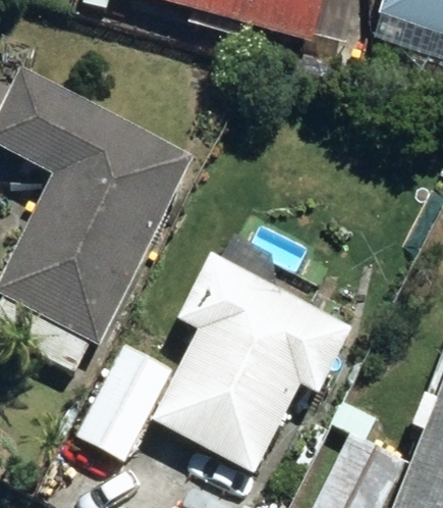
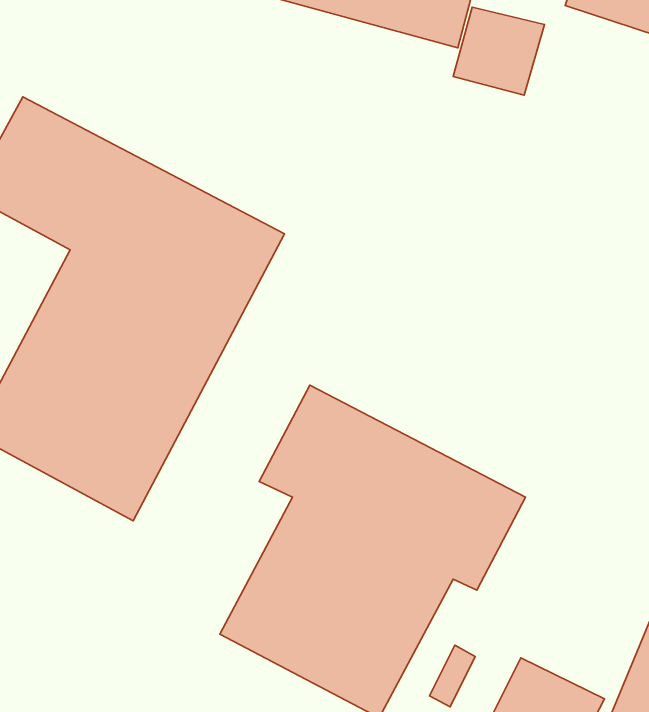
building: [74,345,171,463] -> none

